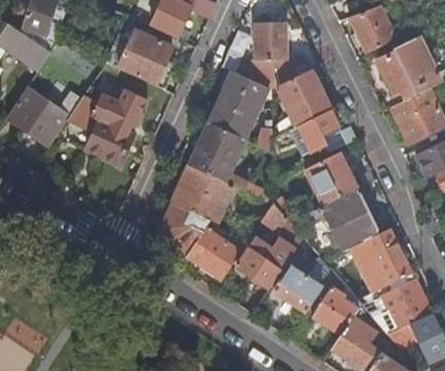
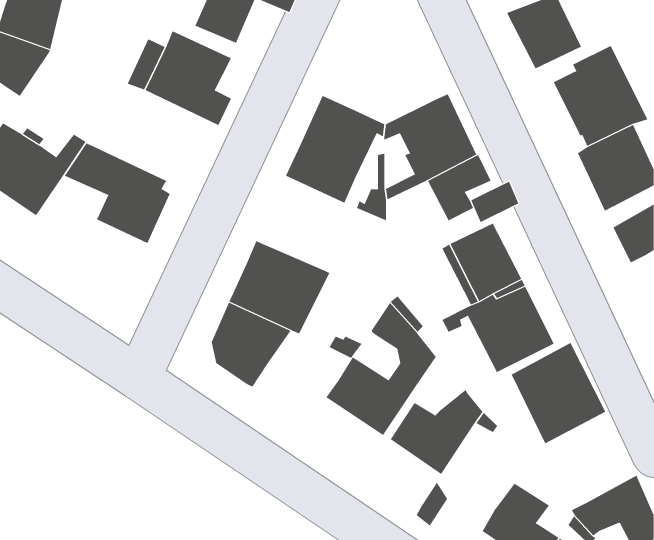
building: [250,22,301,89] -> none
building: [79,88,147,126] -> none
building: [187,122,244,182] -> none
building: [185,236,240,280] -> none
building: [371,272,431,330] -> none
building: [312,288,362,334] -> none

